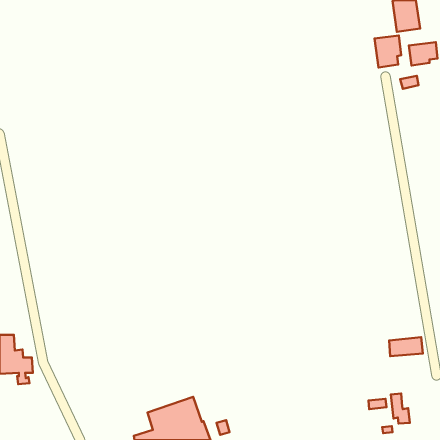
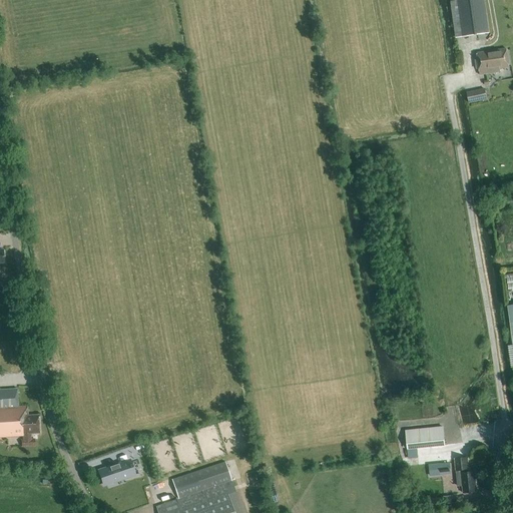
building: [375,35,401,68] -> none
building: [389,337,423,356] -> [405,427,444,449]
building: none -> [97,461,132,485]

